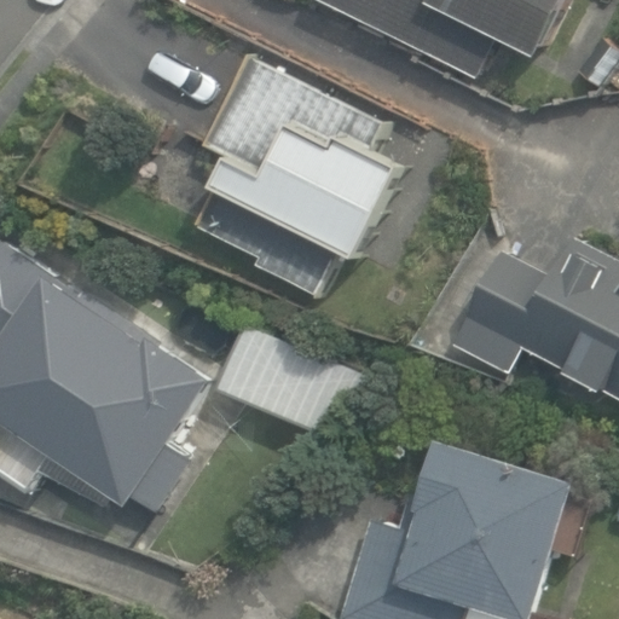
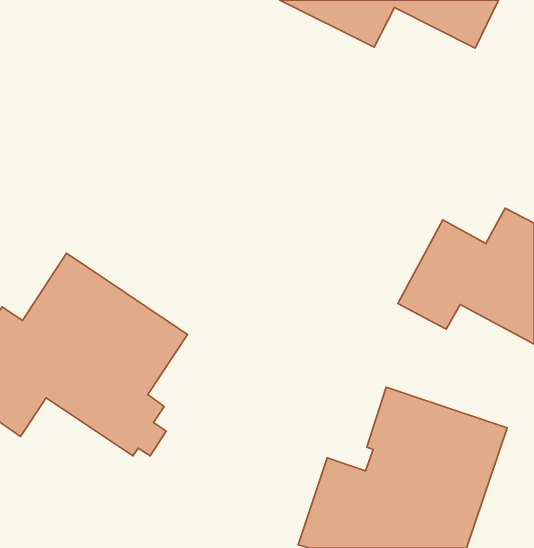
building: [193,56,401,295] -> none

